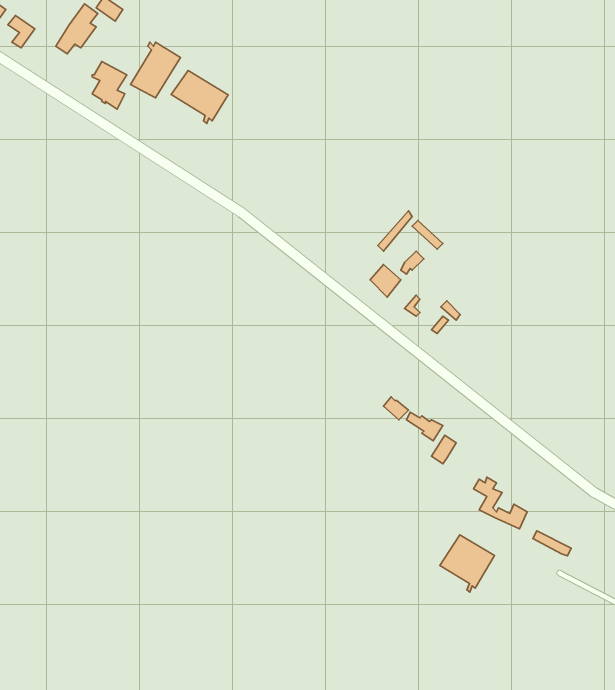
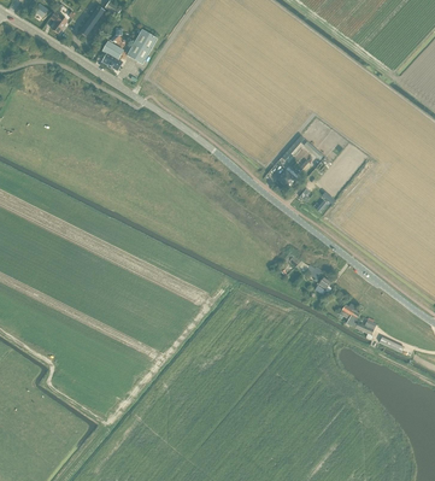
building: [171,70,228,124] -> none
building: [440,535,495,592] -> none

